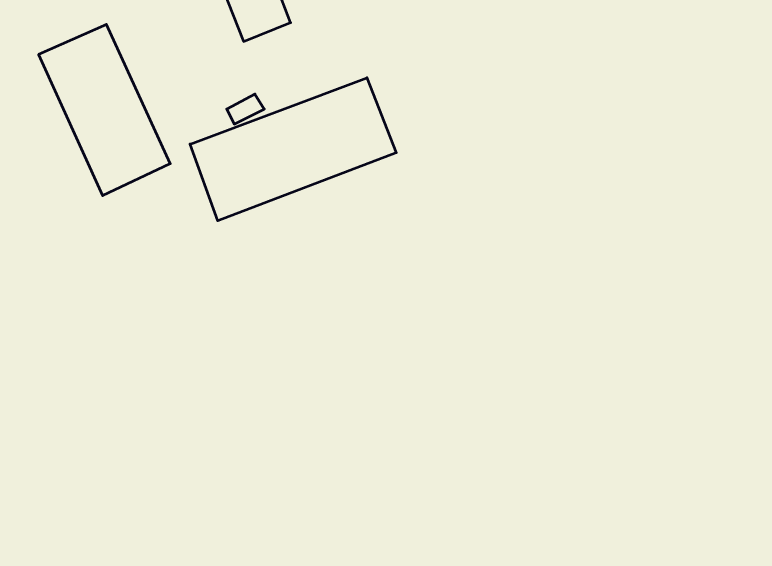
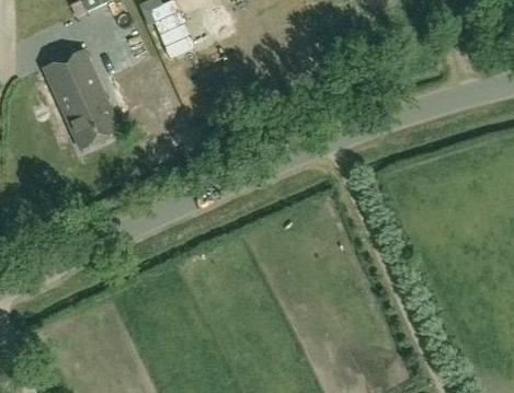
building: [190,78,396,221] -> none

